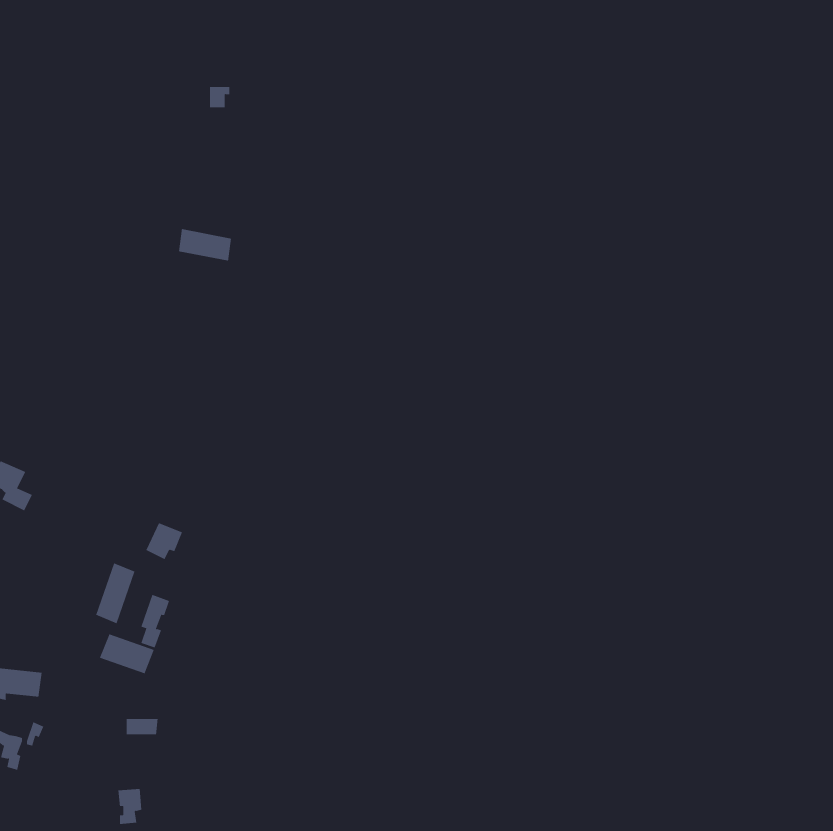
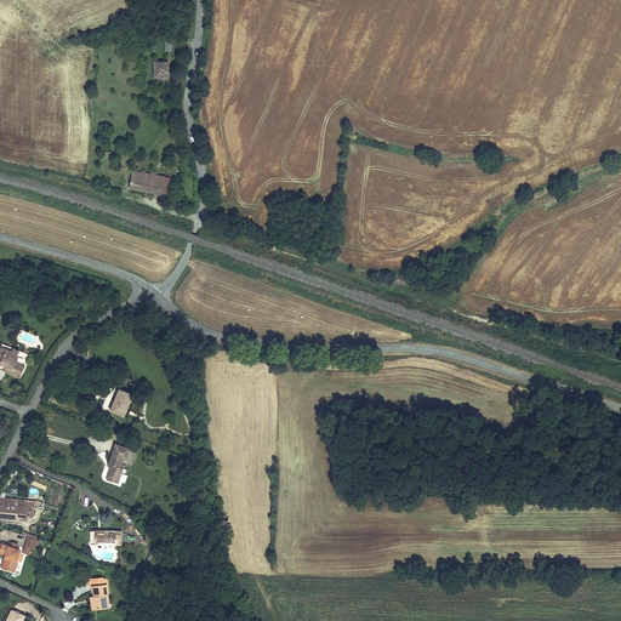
building: [95,562,135,624] -> none
building: [99,634,155,674] -> none

